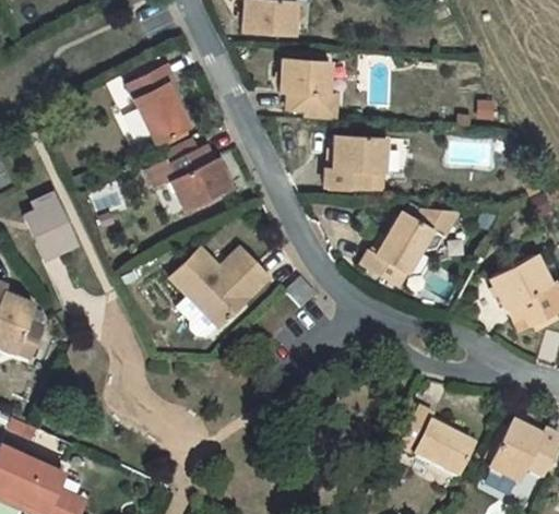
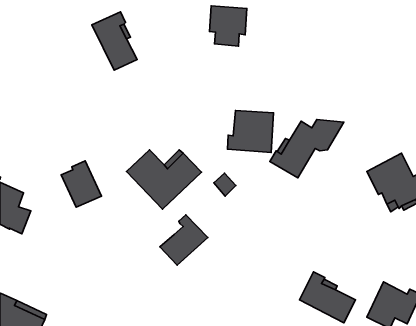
building: [325,134,386,190] -> [227,110,274,152]
building: [167,145,233,212] -> none
building: [25,198,79,259] -> [61,161,102,207]
building: none -> [160,215,208,265]

